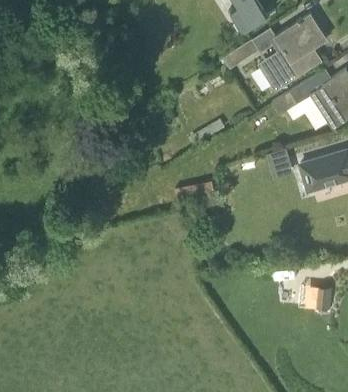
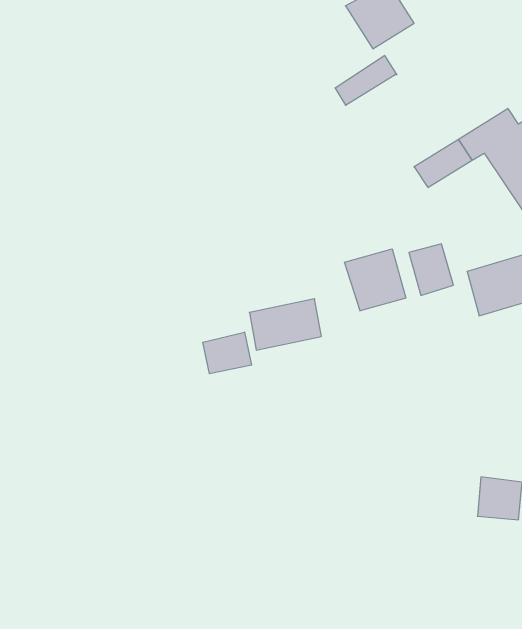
building: [257,13,326,90] -> none
building: none -> [344,249,406,311]
building: none -> [203,332,252,374]

